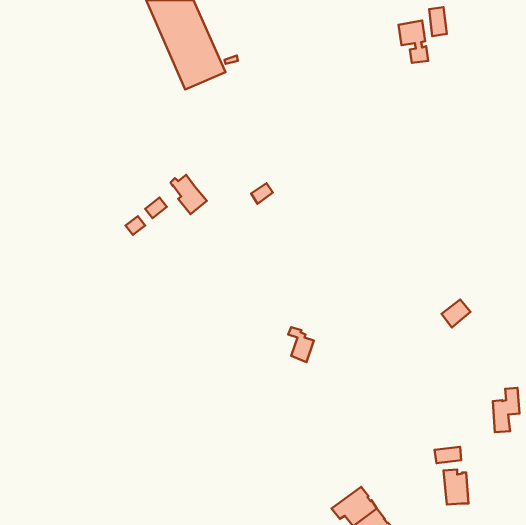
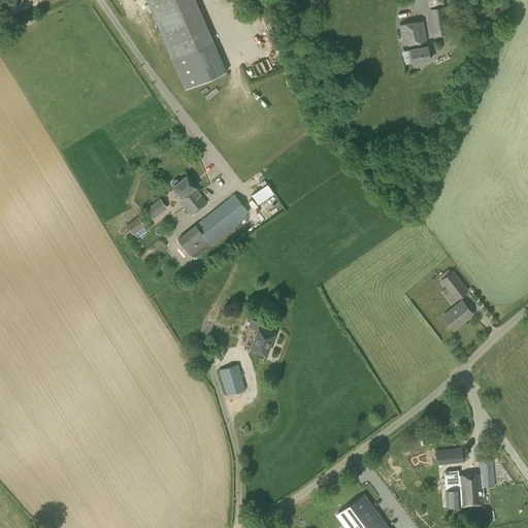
building: none -> [177,195,249,256]
building: none -> [440,271,468,301]
building: [288,327,314,362] -> [248,321,273,356]
building: none -> [220,365,244,395]
building: [493,388,520,432] -> [467,461,494,505]

